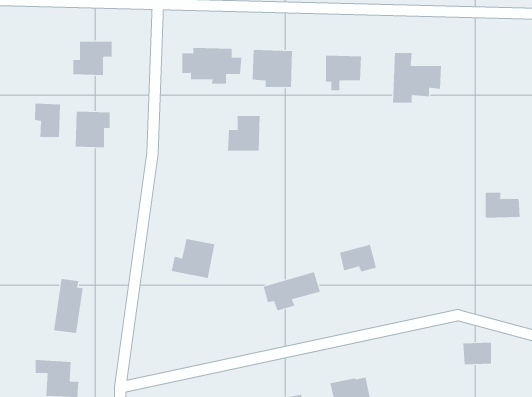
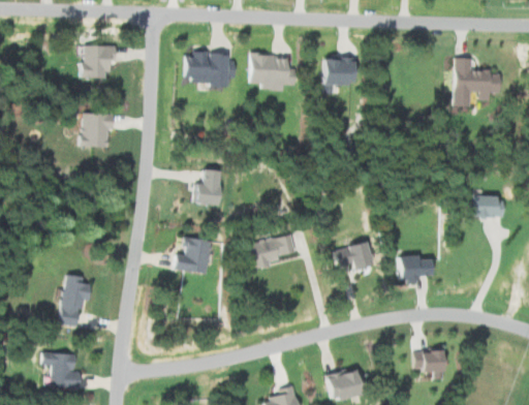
building: [392,52,442,103] -> [454,59,501,107]
building: [34,103,61,138] -> none
building: [227,116,261,151] -> [191,169,223,204]
building: none -> [396,254,431,283]
building: [263,271,321,311] -> [242,231,298,270]
building: [463,342,492,365] -> [414,349,442,371]

